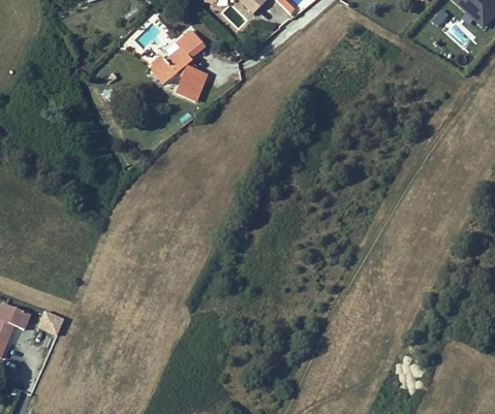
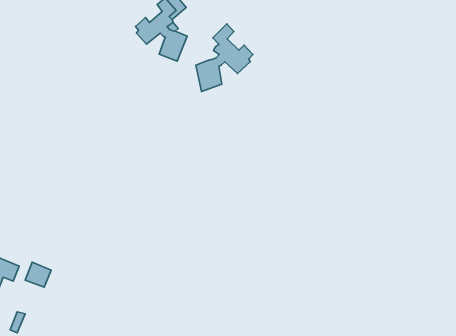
building: none -> [196,24,253,92]

